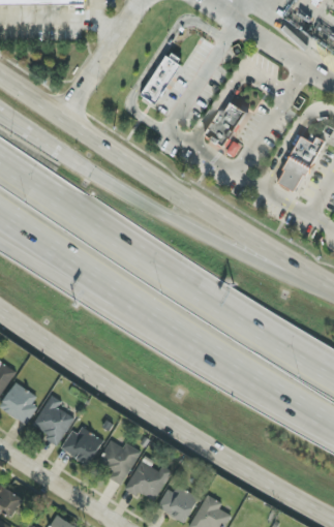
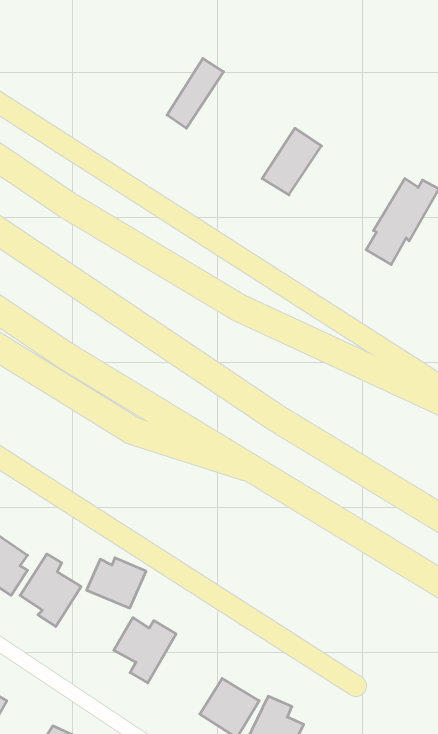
building: [61,429,102,464] -> [87,558,146,608]
building: [124,456,171,501] -> none

